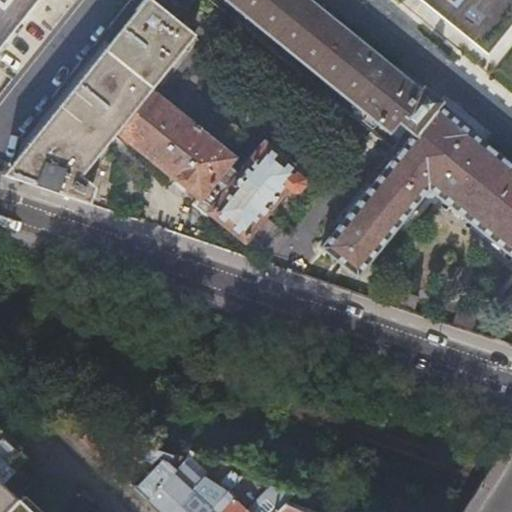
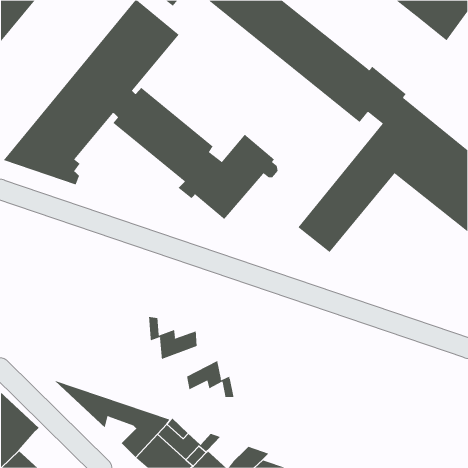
building: none -> [148,316,197,360]
building: none -> [186,360,234,398]

